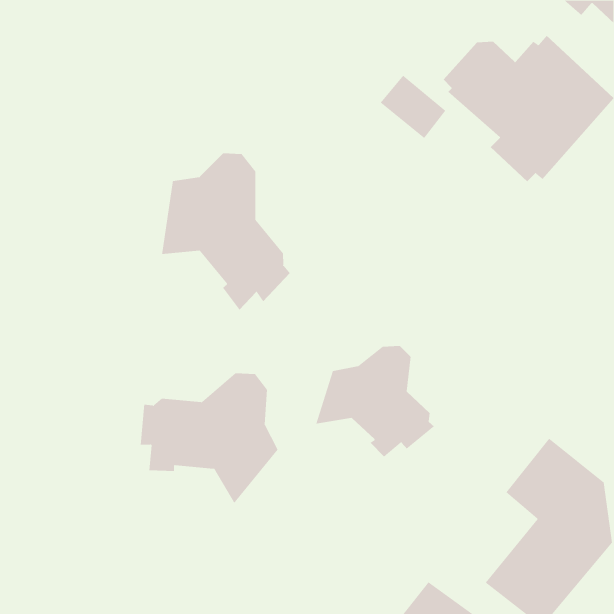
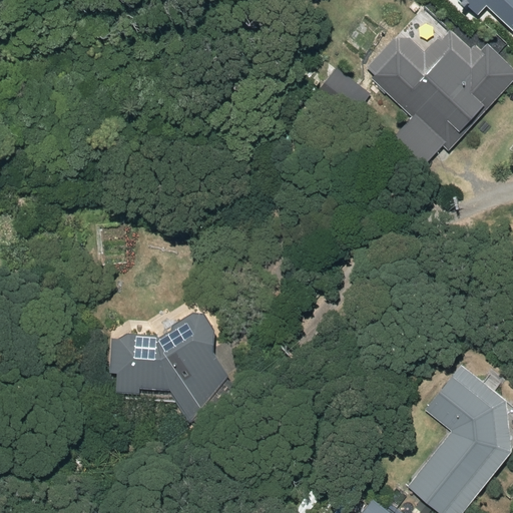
building: [161,152,291,311] -> none
building: [316,345,435,457] -> none

